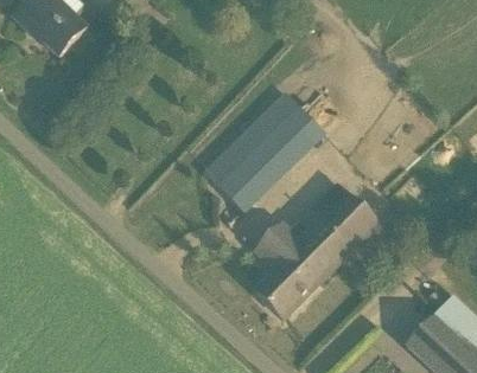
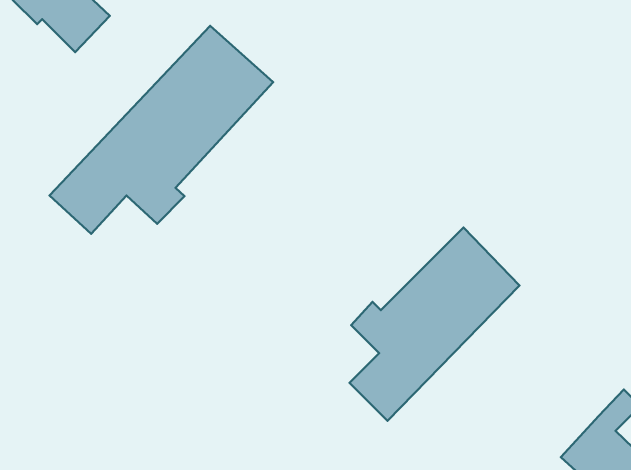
building: none -> [50,26,273,234]
building: [204,92,329,216] -> none

